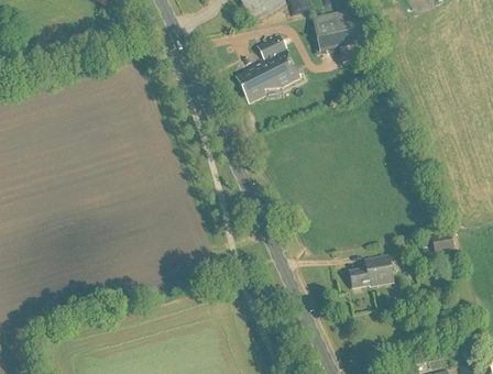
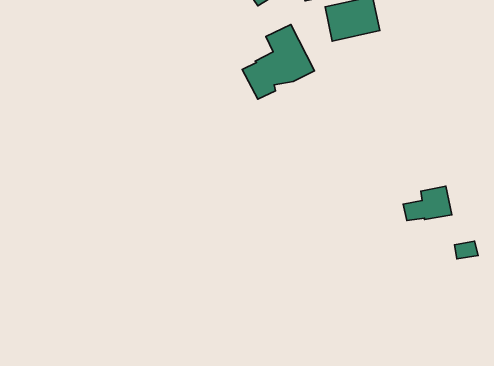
building: [349,255,394,287] -> [403,186,452,221]

